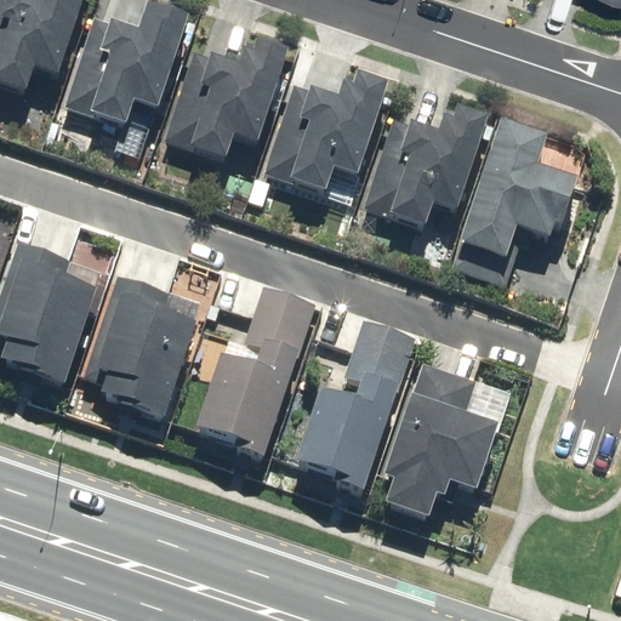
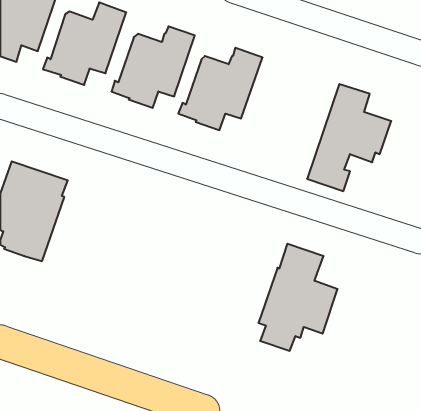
building: [363,106,486,226] -> none
building: [90,272,200,418] -> none
building: [194,284,317,457] -> none
building: [294,317,416,492] -> none

